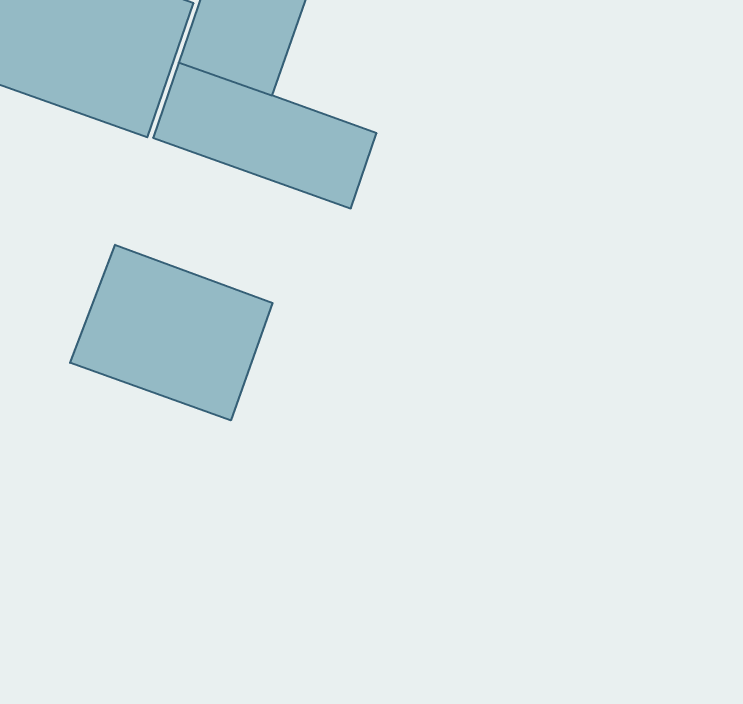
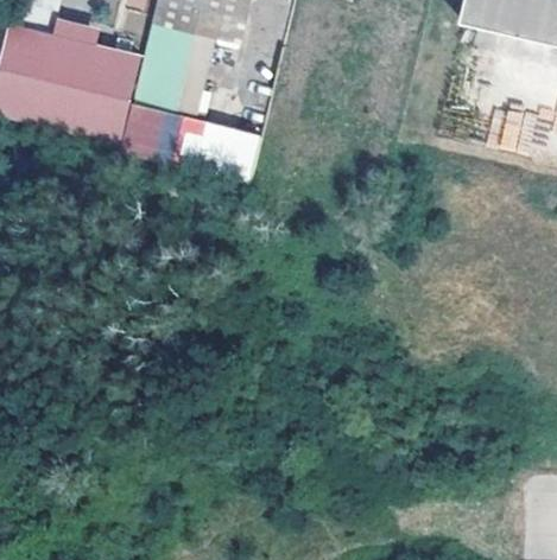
building: [70,245,273,420] -> none

